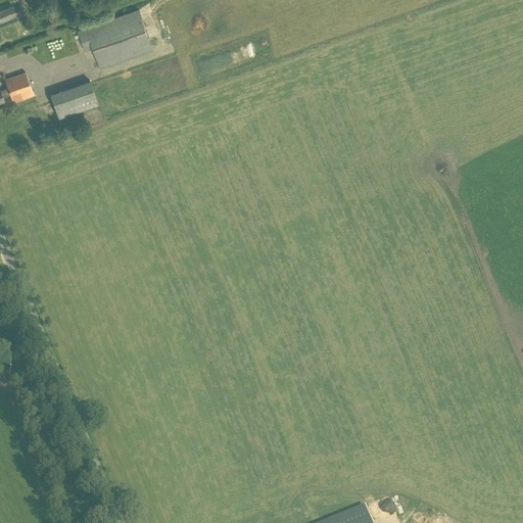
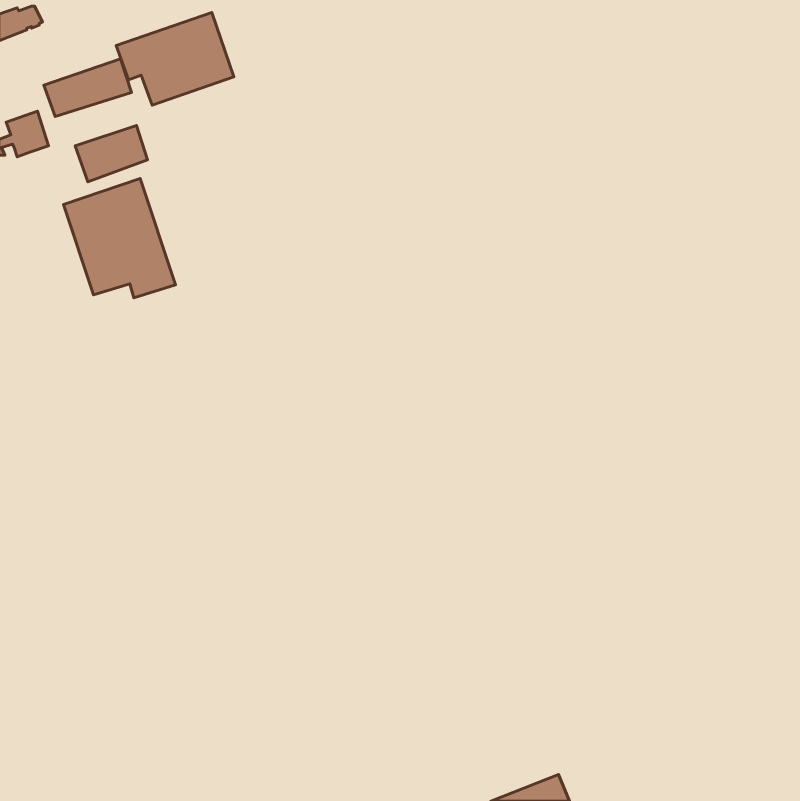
building: none -> [44,59,131,117]
building: none -> [64,179,176,298]

